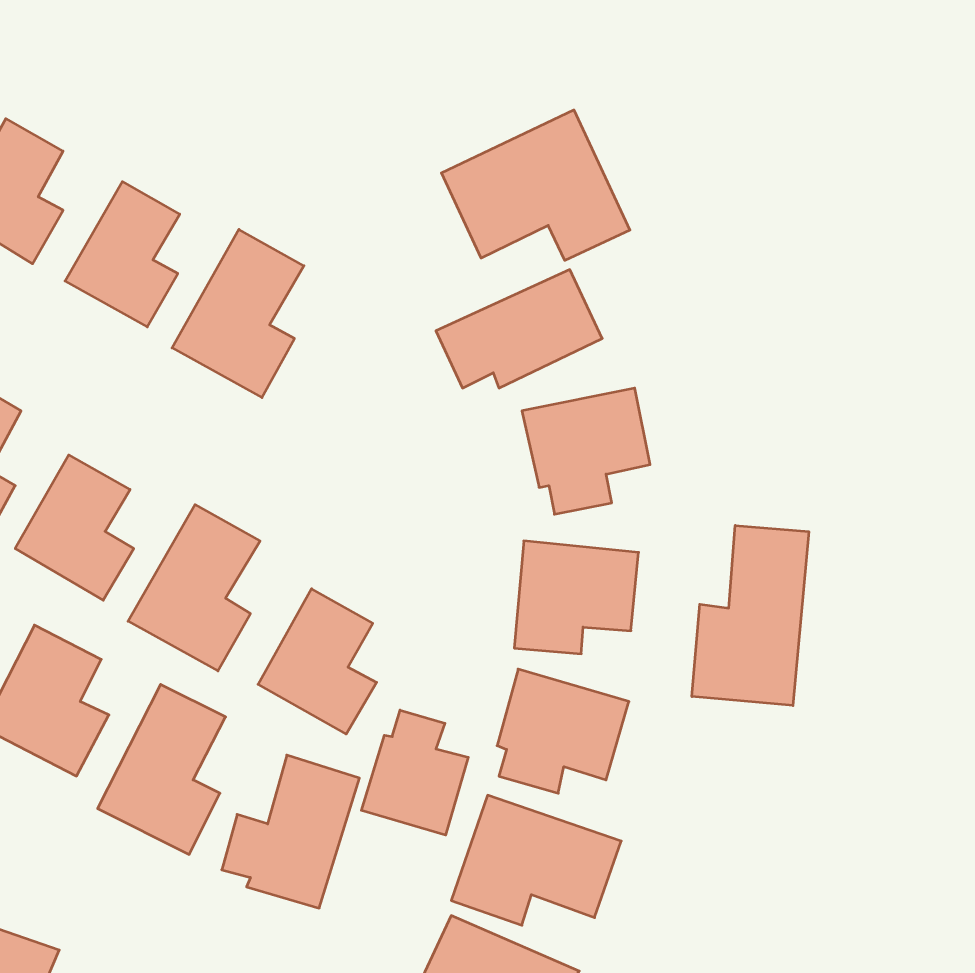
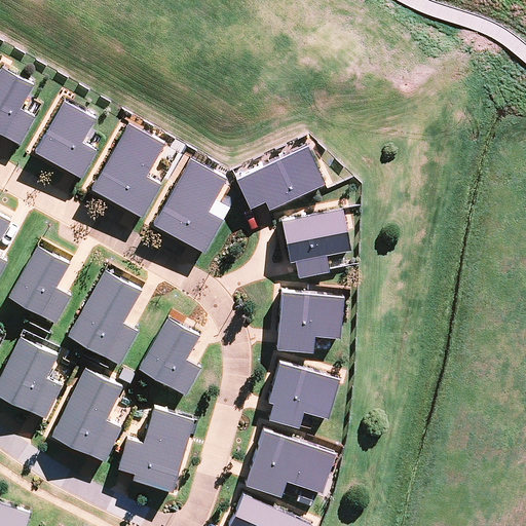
building: [441,110,630,260] -> none
building: none -> [154,161,225,252]
building: [692,525,809,706] -> none
building: [361,710,468,835] -> none

